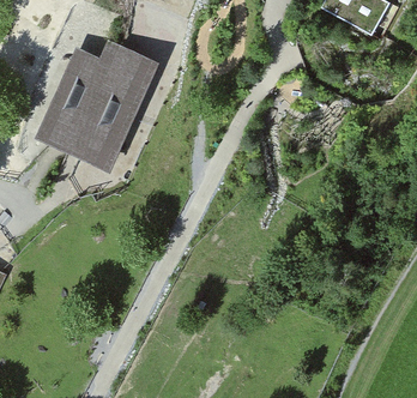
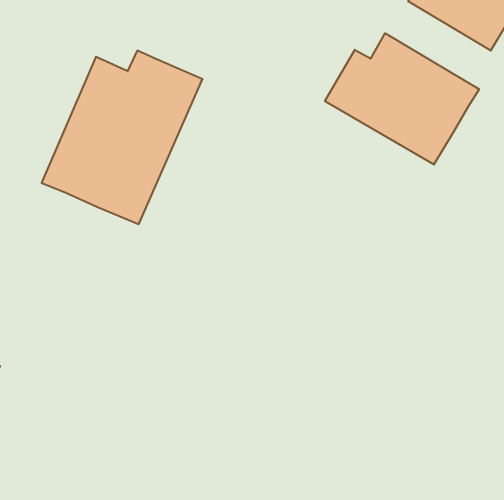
building: none -> [325,33,479,165]

